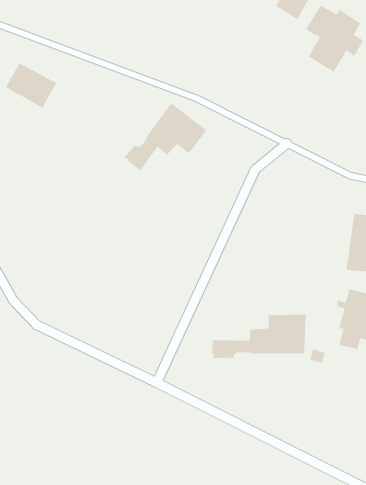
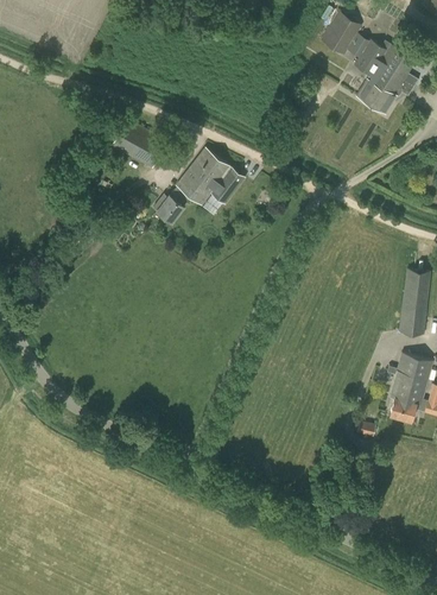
building: [5,62,57,109] -> [110,119,167,170]
building: [212,314,306,359] -> none

